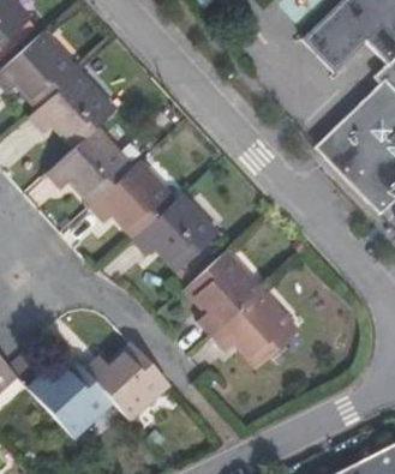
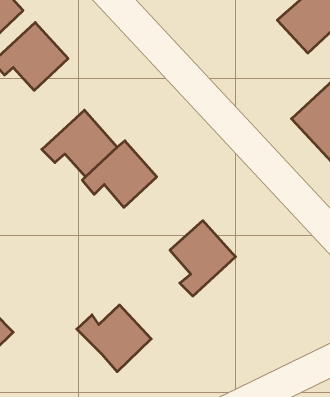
building: [31,76,113,150] -> none
building: [134,198,216,270] -> none
building: [214,293,297,365] -> none
building: [30,365,114,438] -> none

